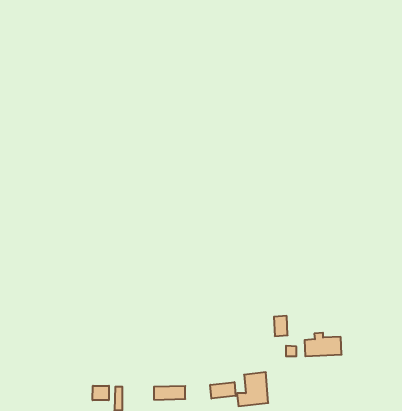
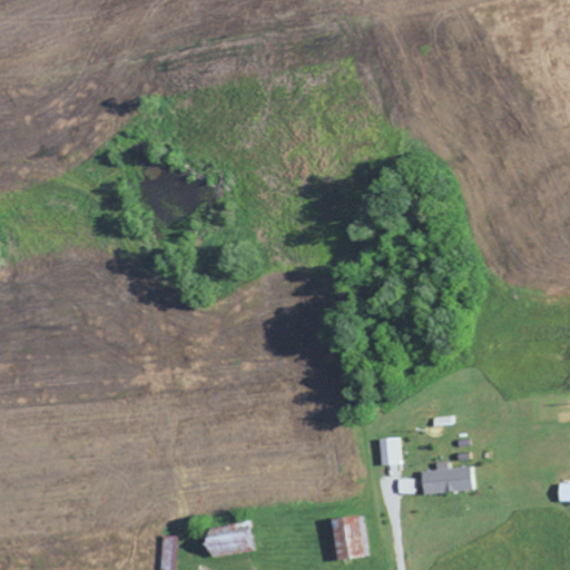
building: [210,382,236,399] -> none
building: [93,386,109,400] -> none

